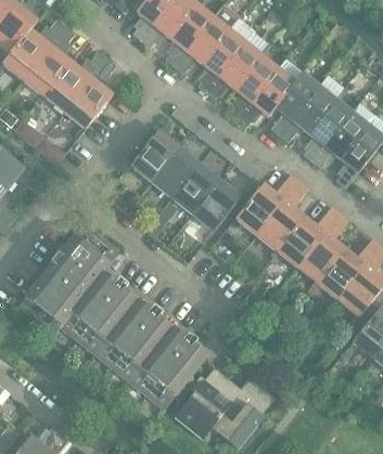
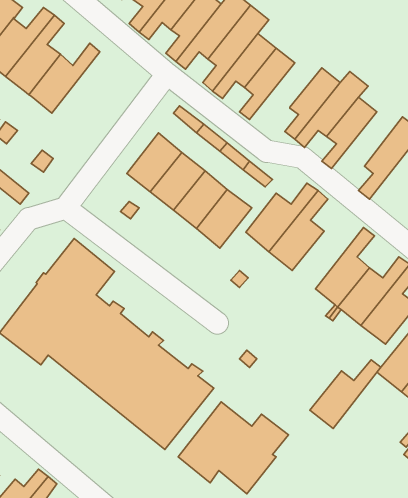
building: [64,59,115,129] -> none
building: [239,60,303,126] -> none
building: [311,103,374,169] -> none
building: [277,207,340,268] -> [310,360,381,429]

